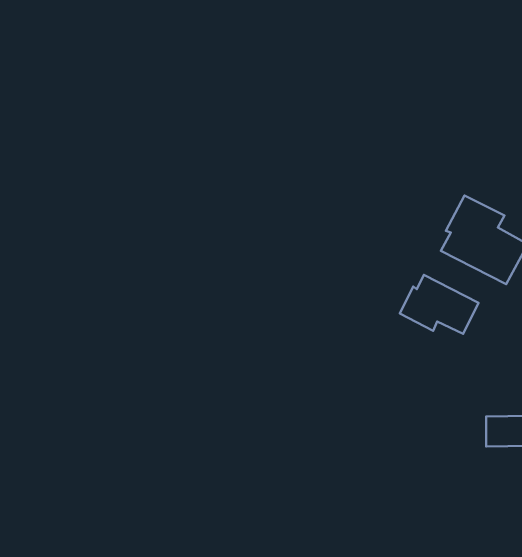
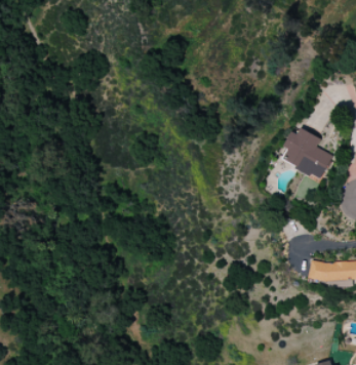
building: [400,275,478,334] -> none

